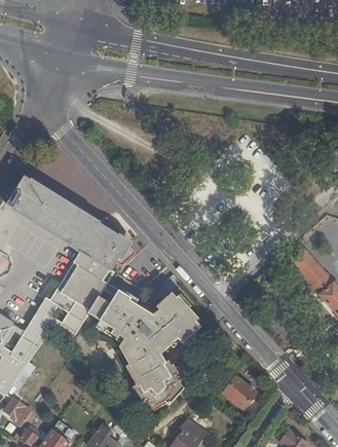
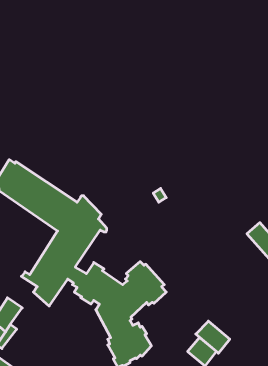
building: [25,308,58,343] -> none
building: none -> [196,321,230,353]

